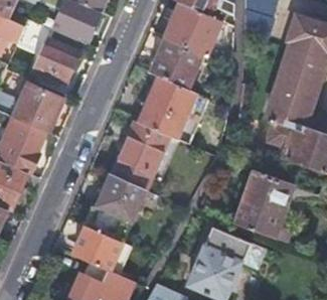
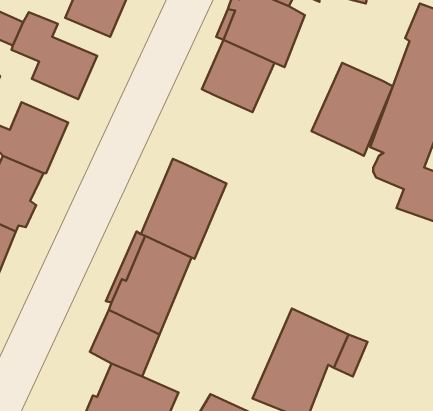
building: [137,77,193,141] -> [312,63,393,156]
building: [233,171,290,241] -> none

